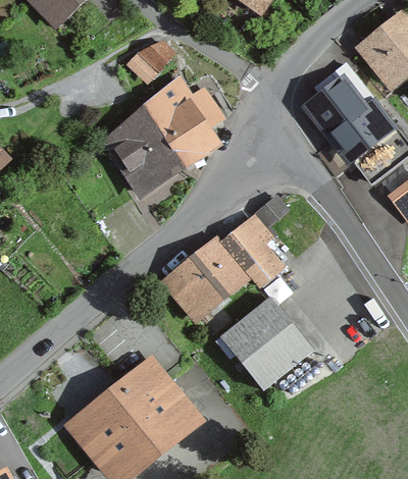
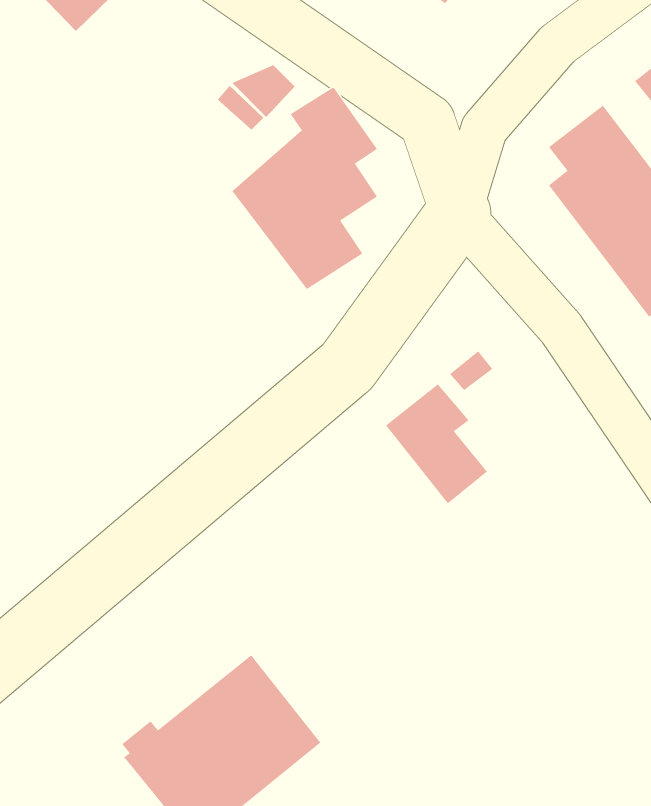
building: [104,113,178,194] -> none
building: [169,247,242,315] -> none
building: [215,300,310,391] -> none

